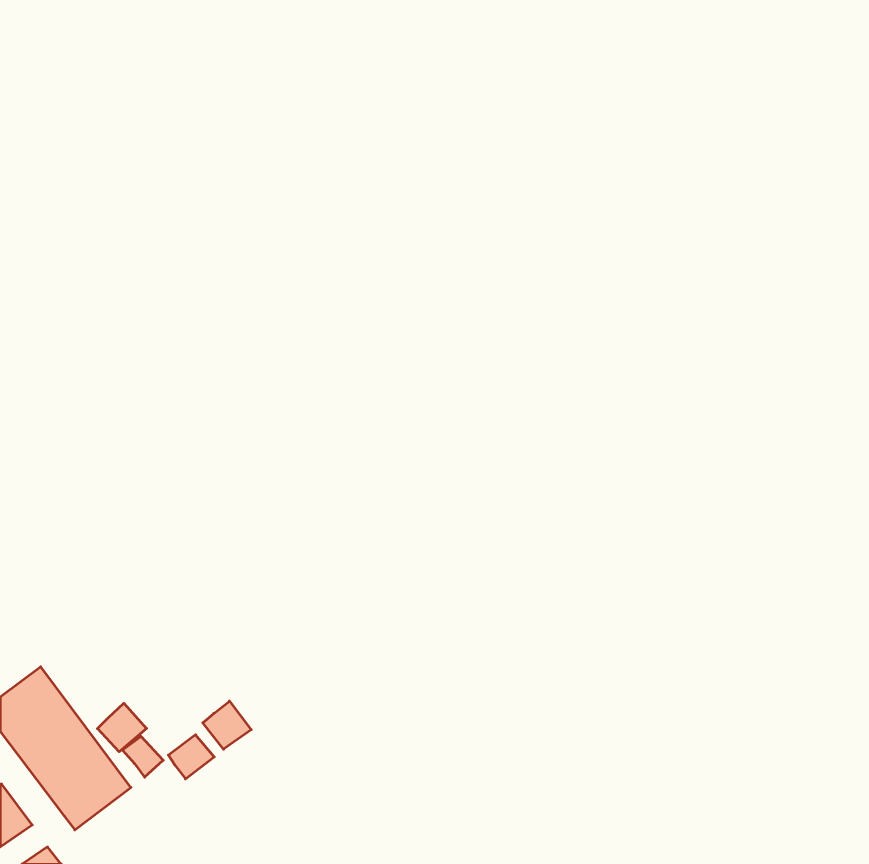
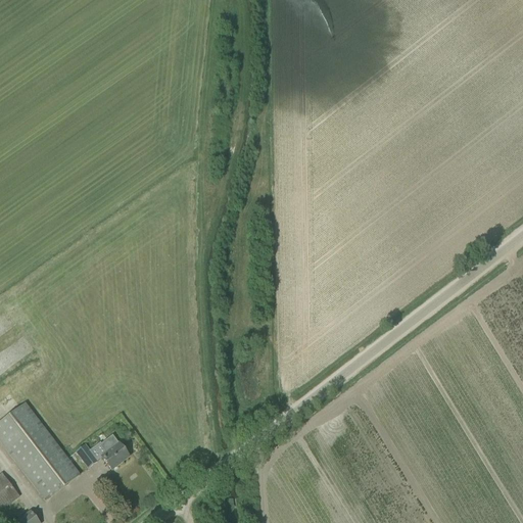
building: [203,701,251,749] -> none
building: [97,703,147,752] -> none

